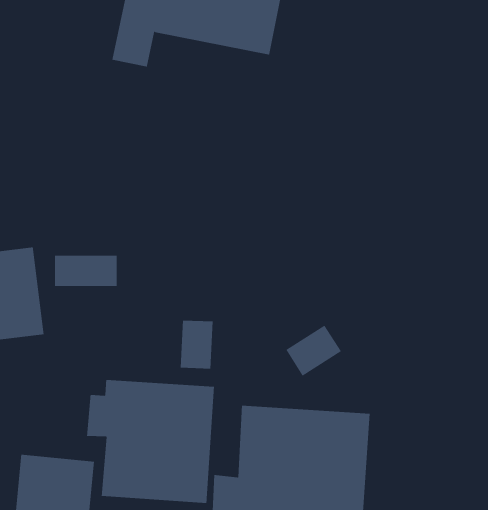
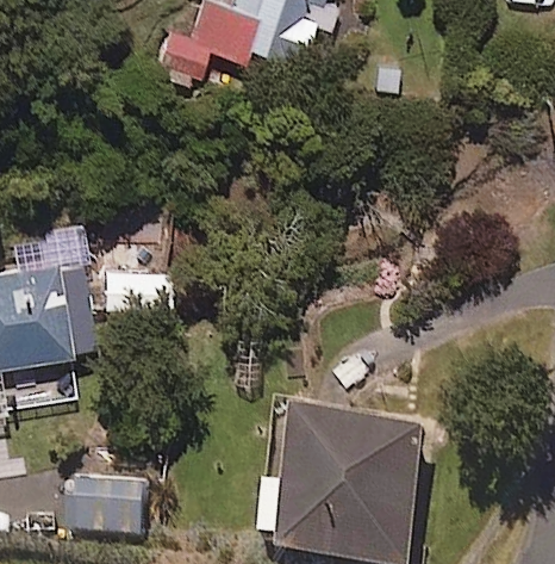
building: [86,379,215,504] -> none

